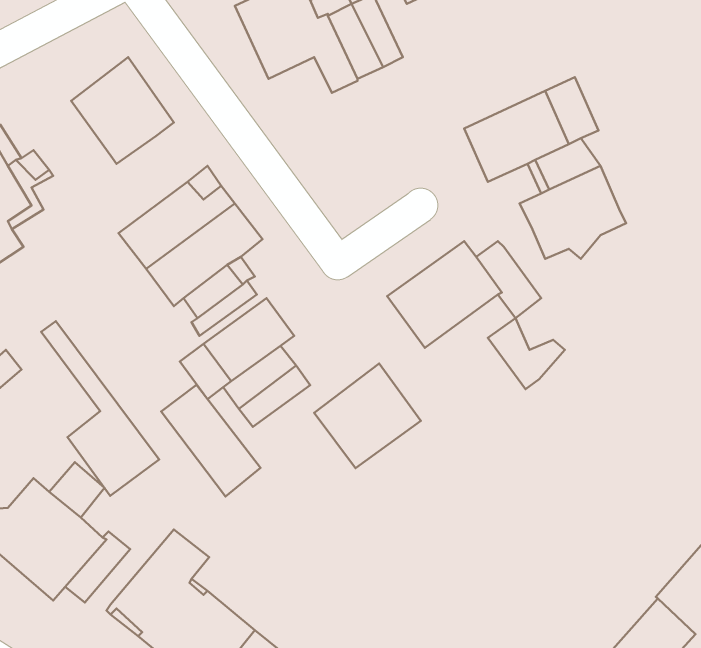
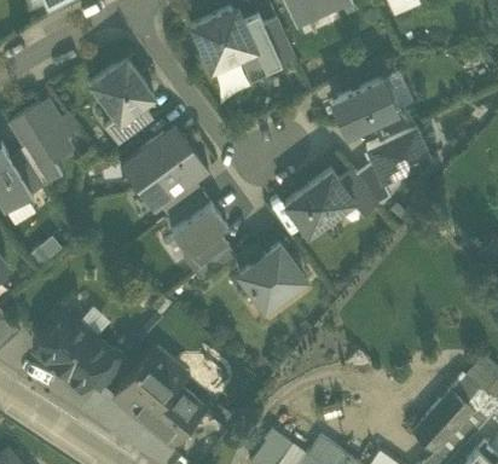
building: none -> [104,105,152,145]
building: [488,318,565,389] -> [355,161,403,204]
building: [41,321,159,496] -> none
building: [161,385,260,497] -> none

